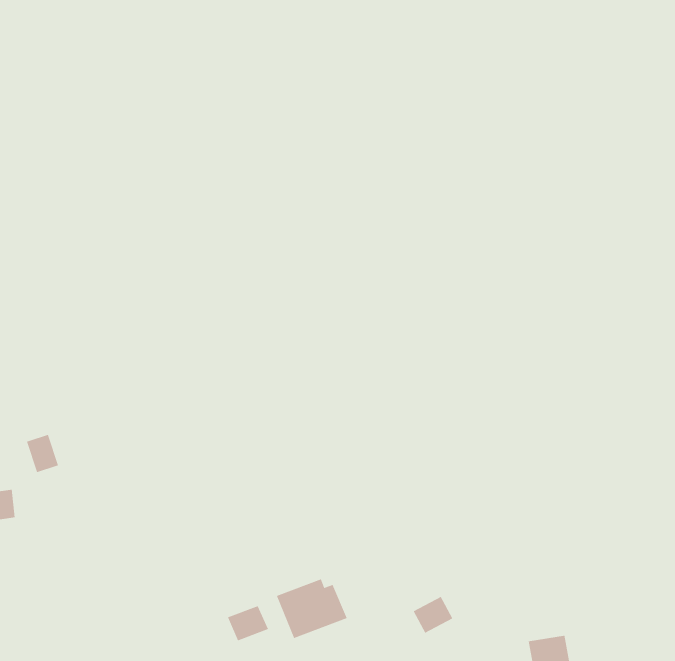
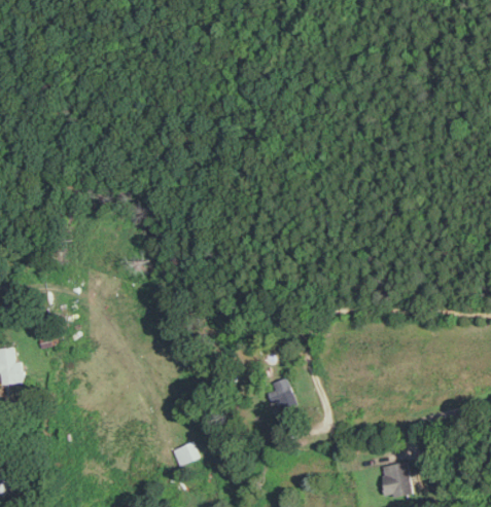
building: [276,578,347,639] -> none
building: [413,596,453,633] -> [267,386,294,411]

